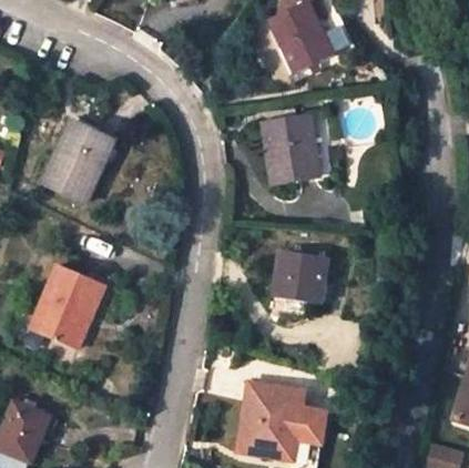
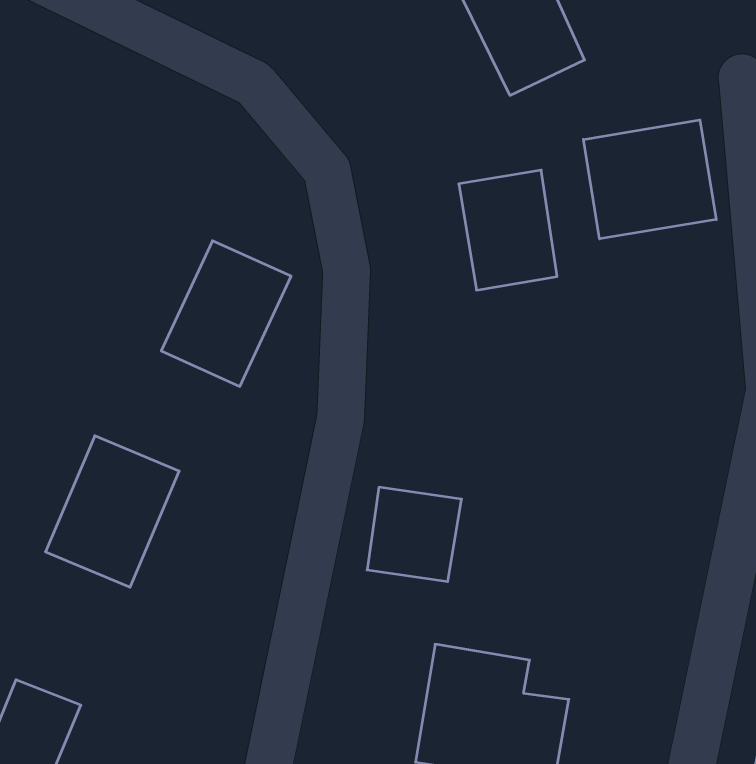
building: none -> [583,120,716,239]
building: [41,118,114,200] -> [161,241,291,386]
building: [273,248,326,302] -> [367,487,462,582]

